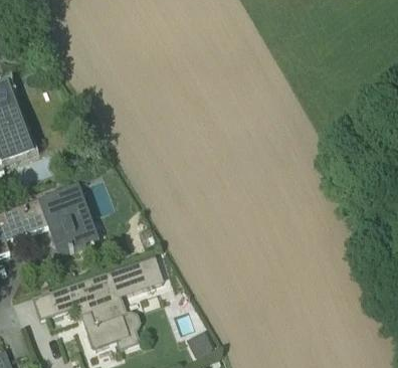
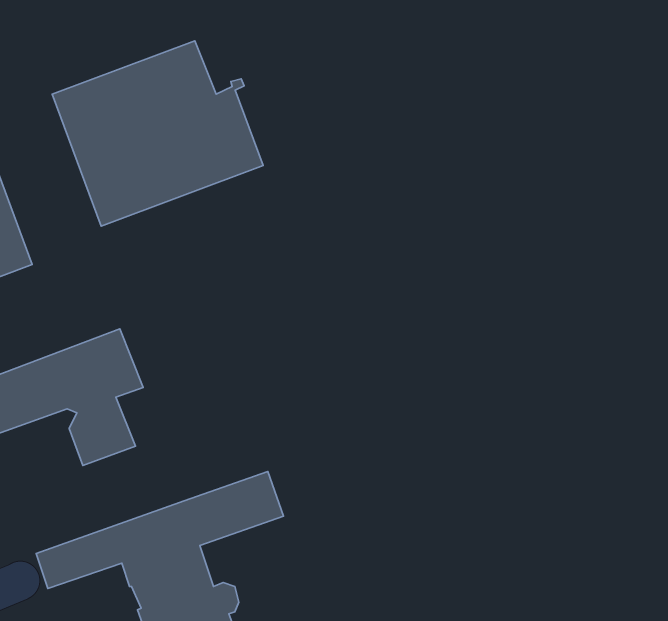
building: none -> [52,41,263,226]

